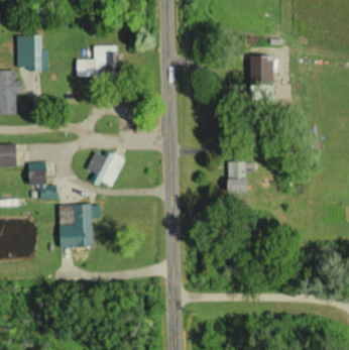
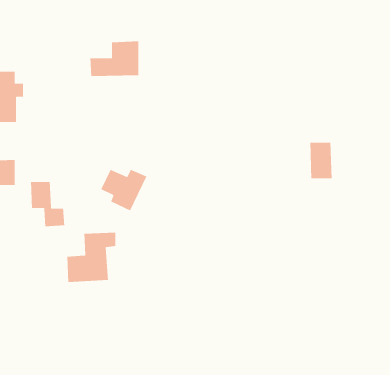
building: [18,34,50,70] -> none
building: [249,56,273,86] -> none
building: [227,161,246,193] -> [309,142,332,179]

